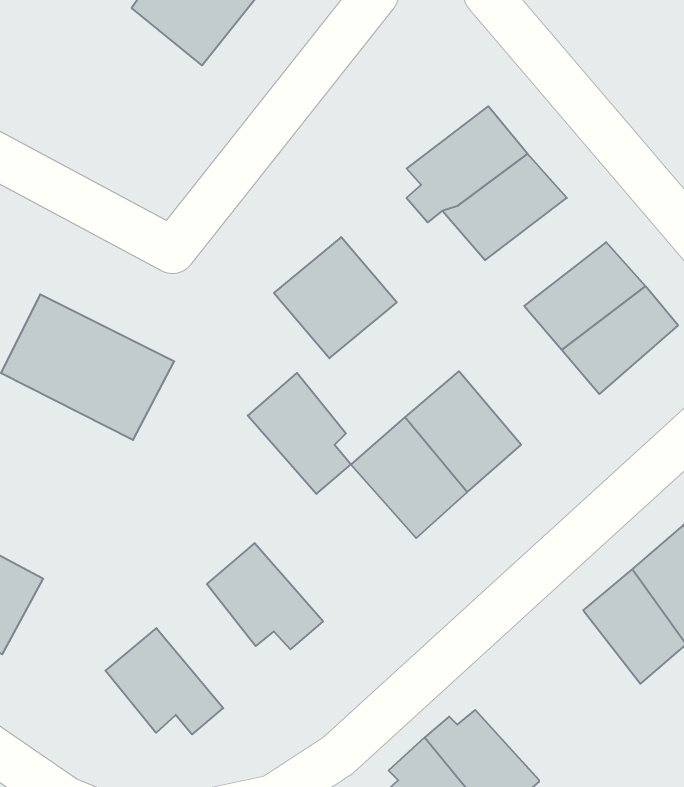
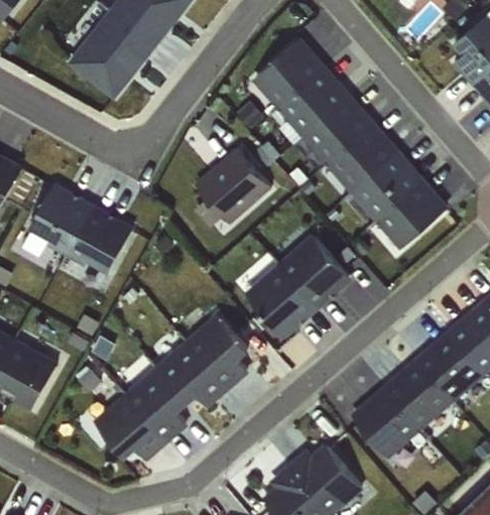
building: none -> [69,11,153,97]
building: none -> [253,38,330,110]
building: none -> [328,128,402,195]
building: [248,373,351,494] -> [186,314,249,389]
building: none -> [125,366,187,442]
building: none -> [350,382,423,459]

